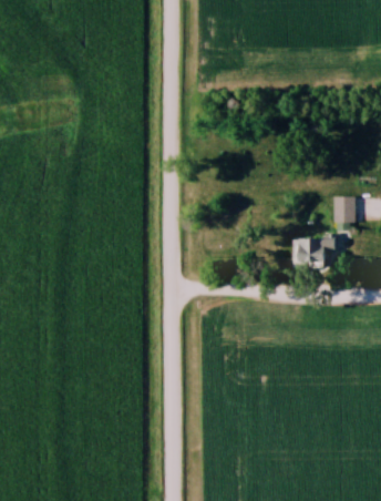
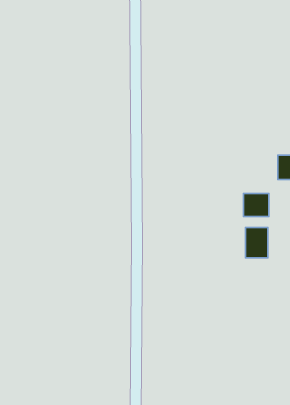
building: none -> [245,227,268,258]

